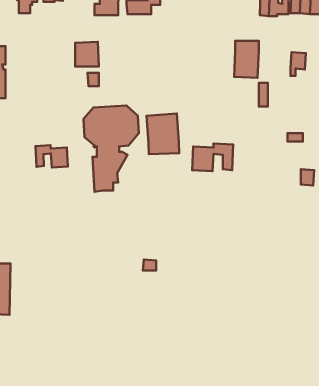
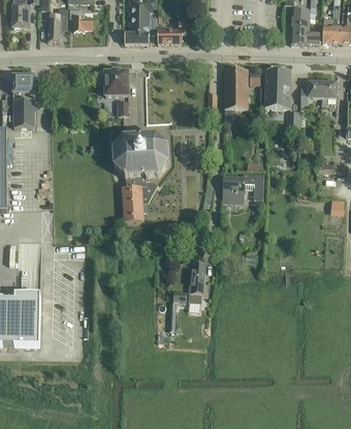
building: none -> [224,68,247,109]
building: none -> [299,81,322,104]
building: [146,114,179,154] -> none
building: [35,145,68,167] -> none
building: none -> [188,262,204,294]

